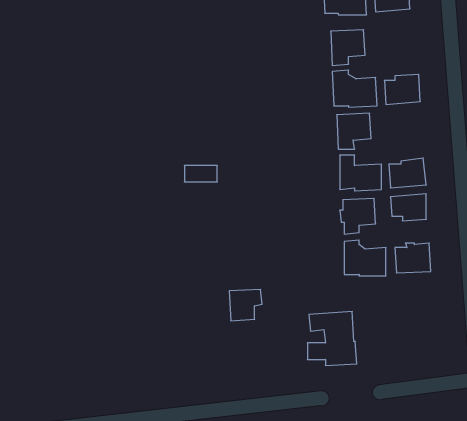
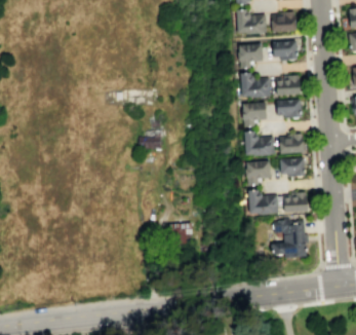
building: none -> [273,41,298,60]
building: none -> [276,99,302,117]
building: [307,312,357,365] -> [273,221,307,258]

